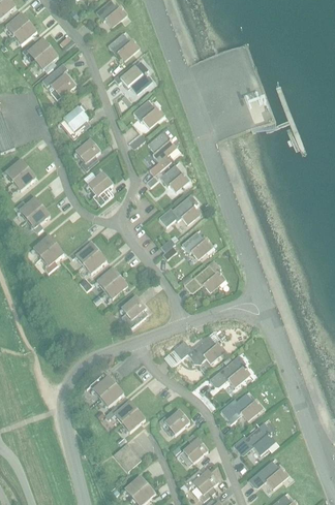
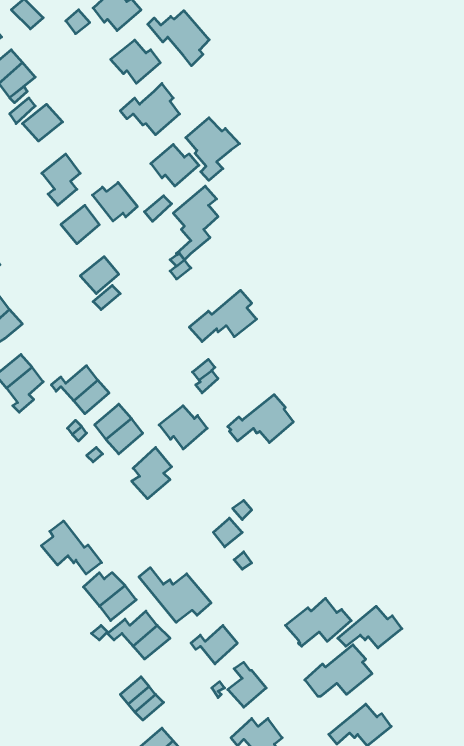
building: none -> [148,11,209,66]
building: none -> [186,118,240,180]
building: none -> [92,182,137,221]
building: [159,164,188,191] -> none
building: [181,231,212,259] -> [159,406,207,449]
building: [193,332,224,362] -> none
building: none -> [41,521,102,574]
building: [208,359,249,386] -> [338,606,402,648]
building: none -> [139,568,211,622]

